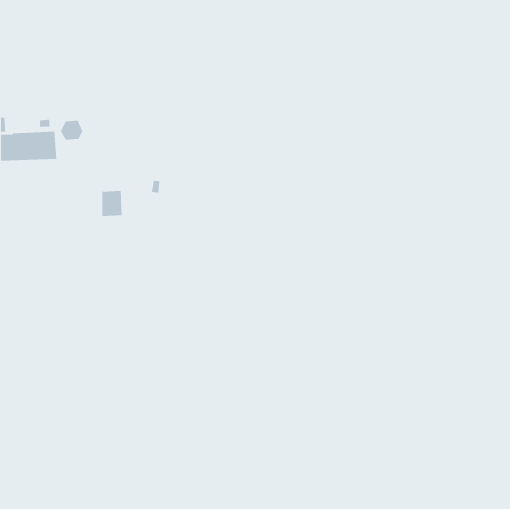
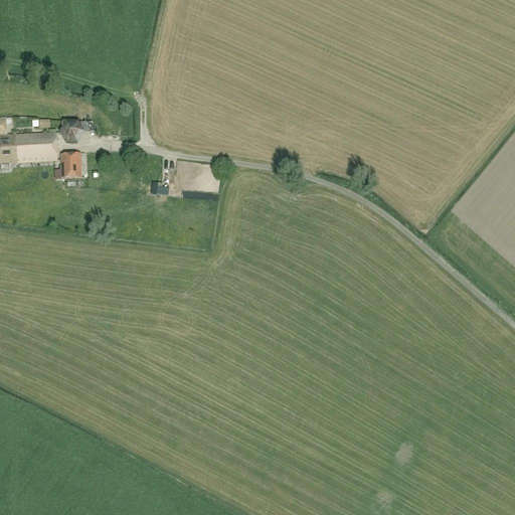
building: [102,191,123,217] -> [61,152,82,178]

